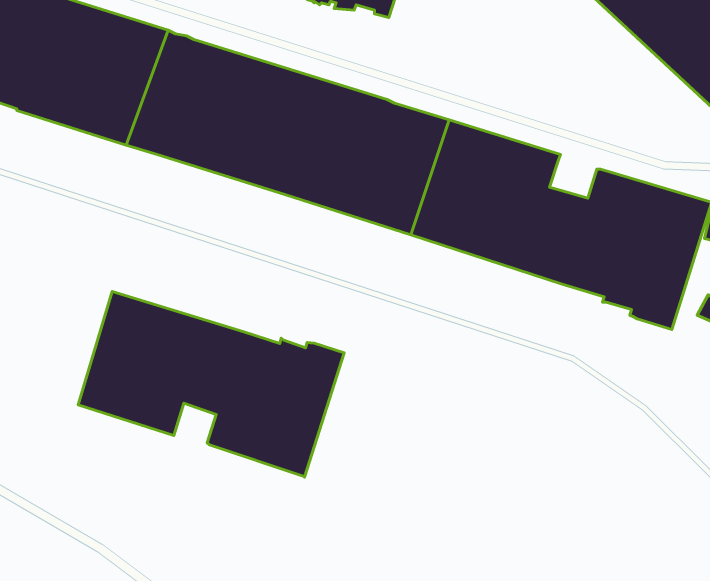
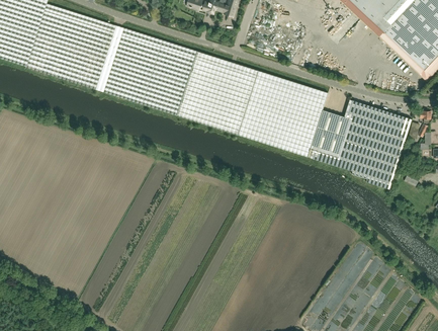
building: [78,292,344,477] -> none

